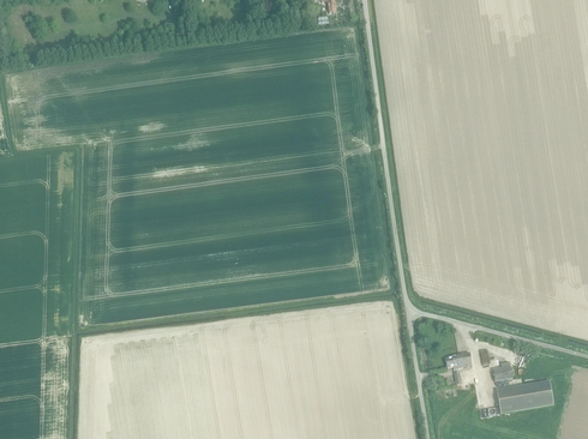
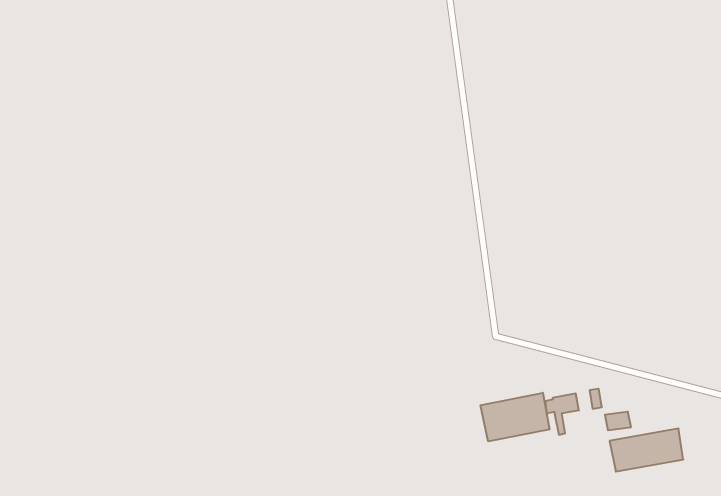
building: none -> [480,393,550,441]

